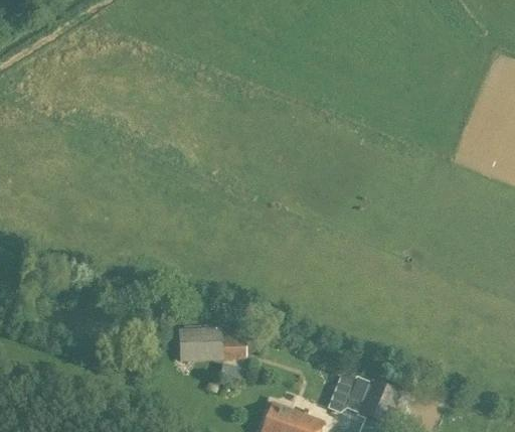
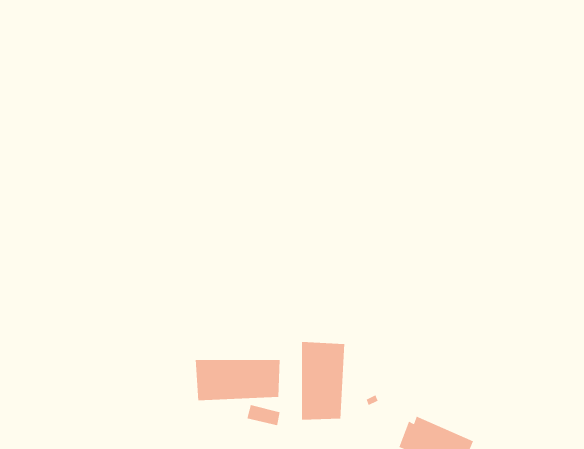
building: none -> [301,341,345,420]

